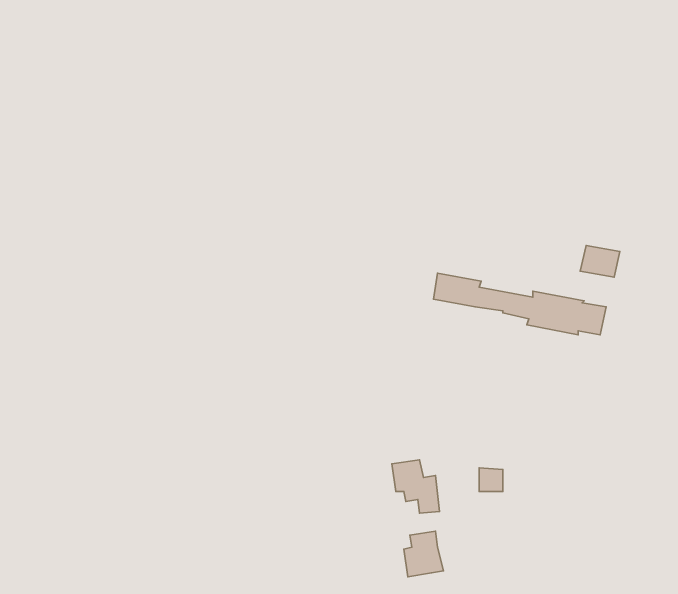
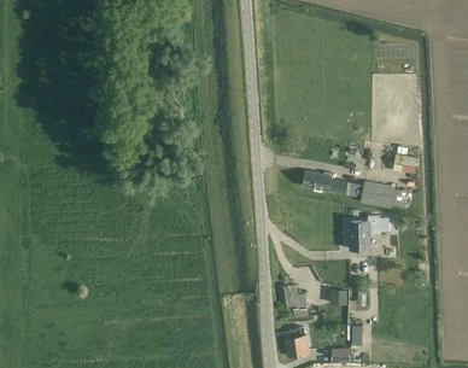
building: none -> [349,215,388,249]

